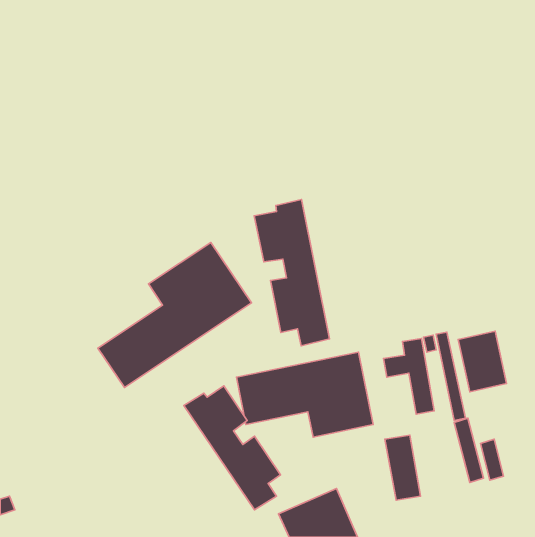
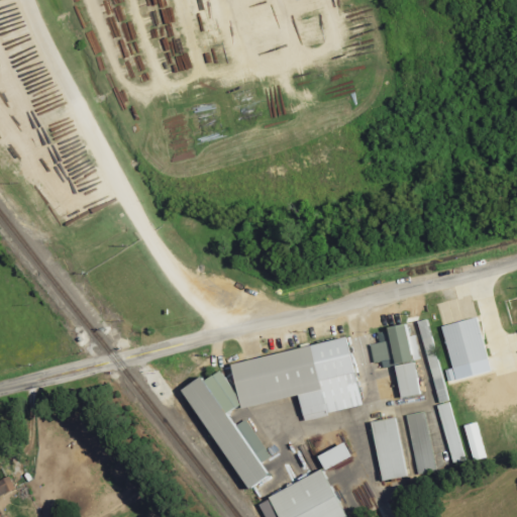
building: [254,200,329,346] -> none
building: [98,243,252,387] -> none
building: none -> [407,412,434,475]
building: none -> [316,442,350,472]

